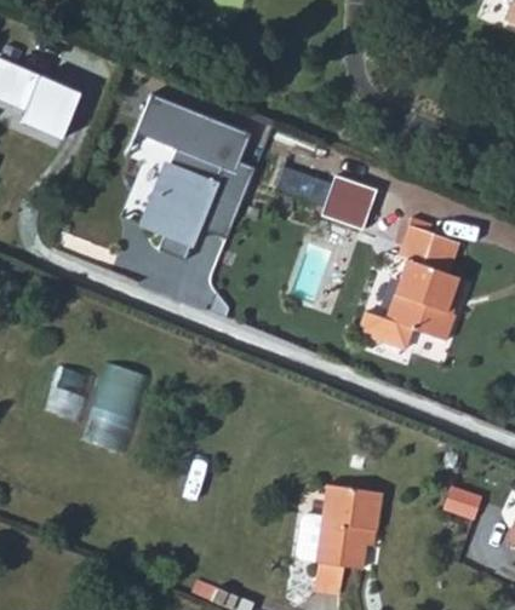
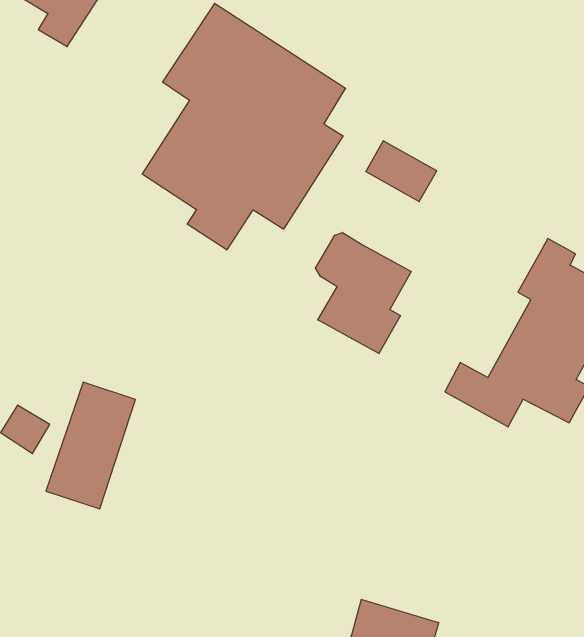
building: [321,177,374,230] -> none
building: none -> [315,232,411,354]

